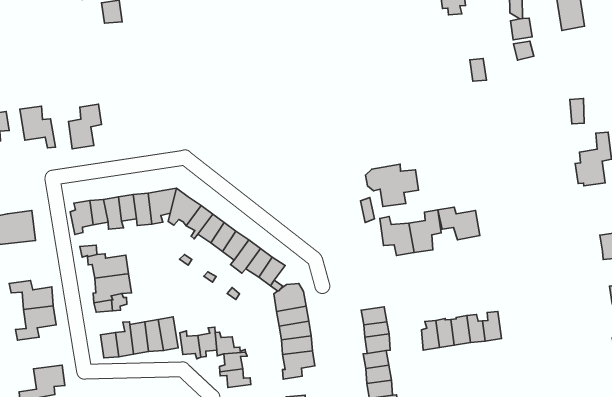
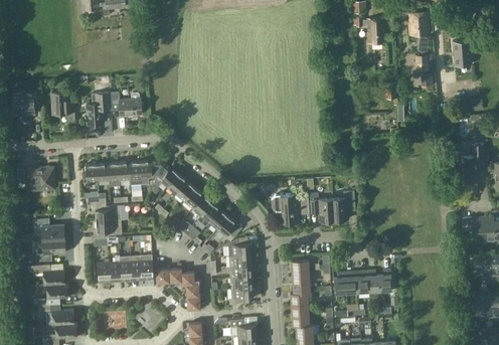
building: none -> [112,93,142,117]
building: [365,164,419,207] -> [271,194,309,224]
building: [438,207,480,240] -> none
building: none -> [34,266,65,286]

